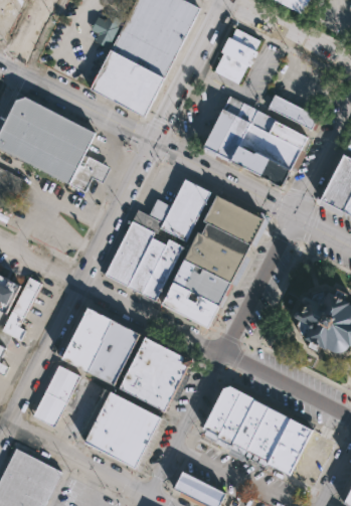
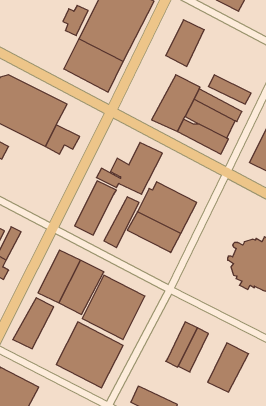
building: [199,194,266,248] -> none
building: [128,238,167,295] -> none
building: [158,282,220,331] -> none
building: [202,387,238,437] -> none
building: [244,406,289,463] -> none

